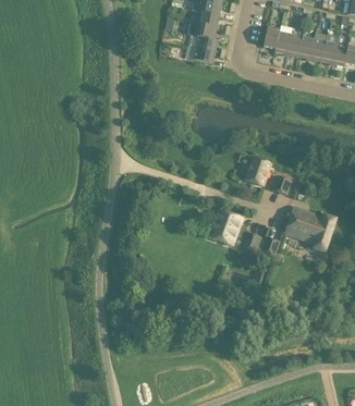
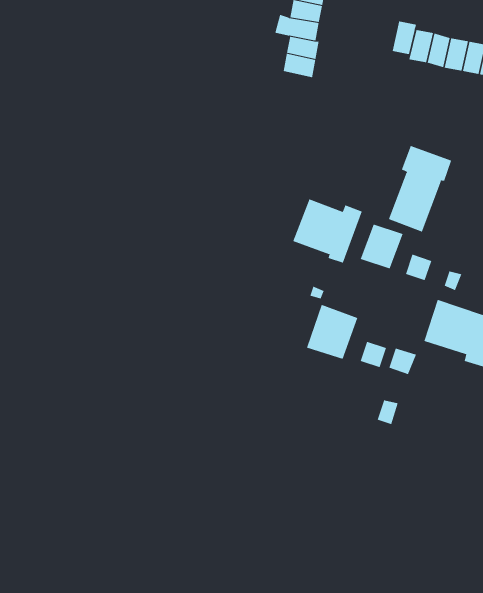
building: none -> [388,145,452,233]
building: none -> [293,198,362,264]

